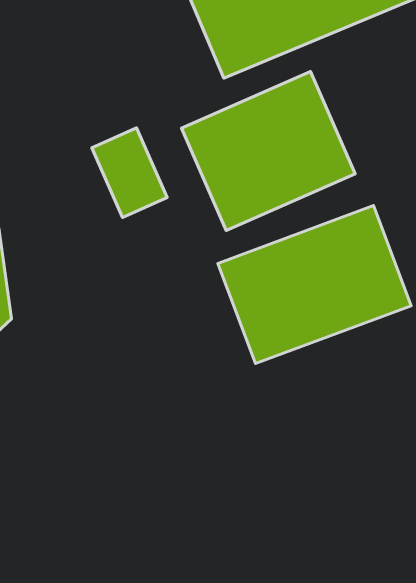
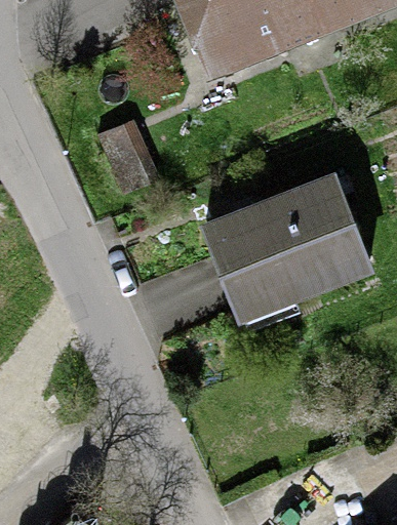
building: [181,71,355,231] -> none

